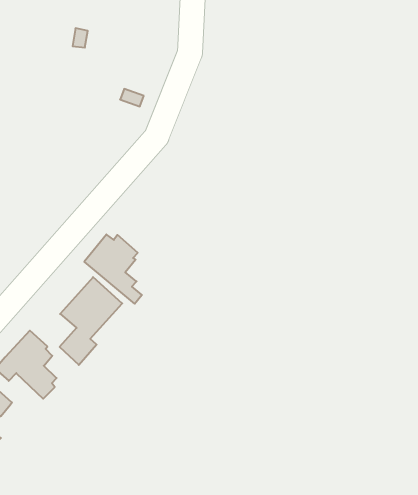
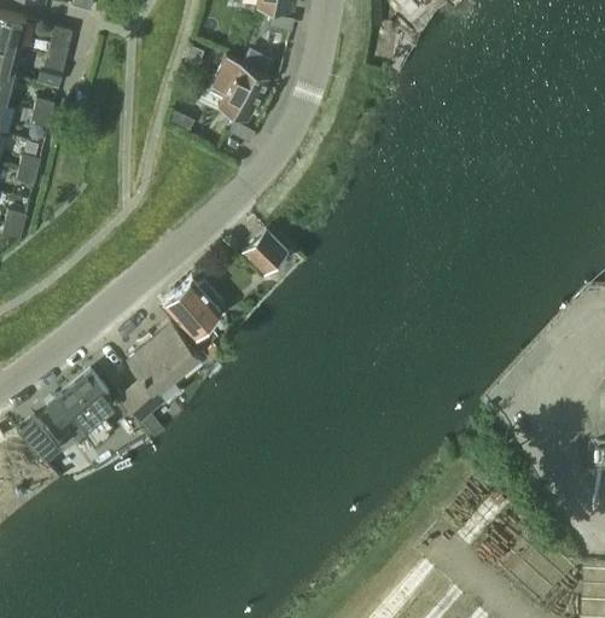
building: none -> [211,54,270,121]
building: none -> [242,231,286,275]

